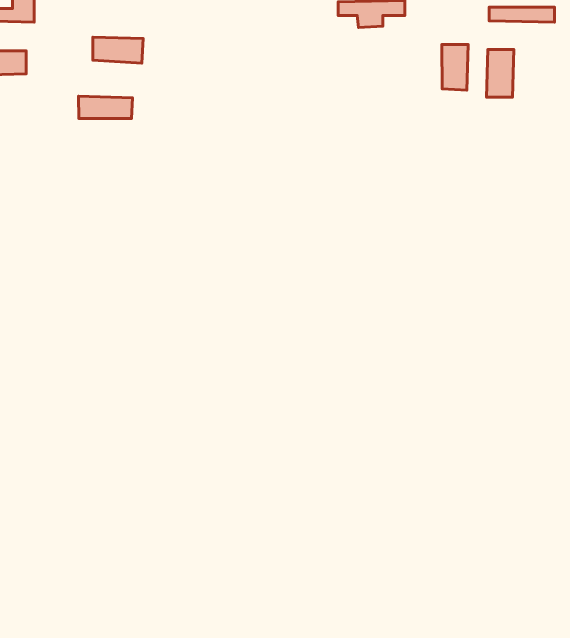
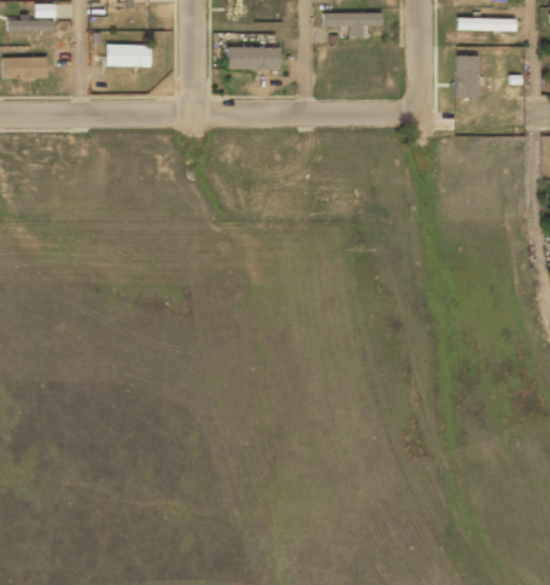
building: none -> [228,47,280,70]
building: [442,44,468,90] -> none
building: [79,96,133,119] -> none

